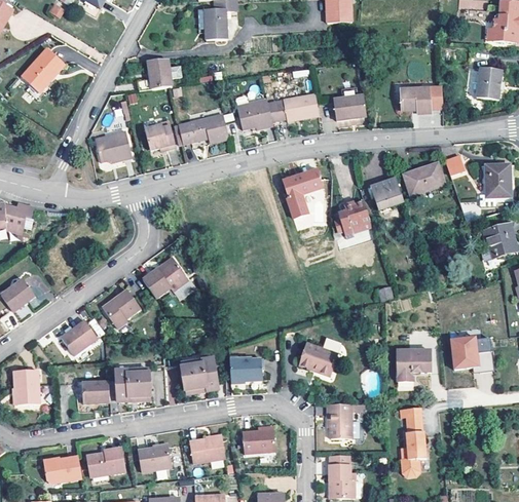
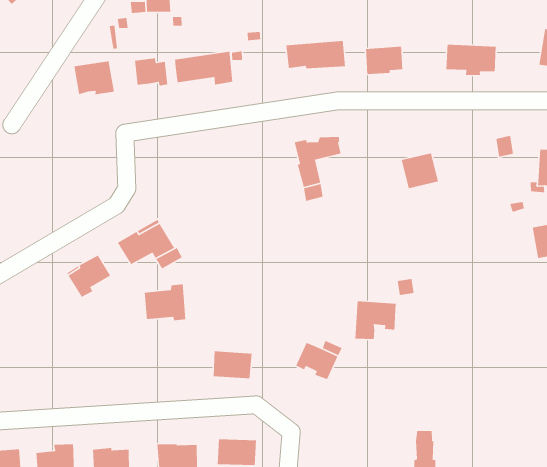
building: [236,99,272,130] -> none
building: [405,165,445,197] -> none
building: [339,203,372,240] -> none
building: [63,319,100,355] -> none
building: [450,329,492,364] -> none
building: [395,349,429,382] -> [354,301,397,340]
building: [183,358,220,391] -> [144,283,186,321]
building: [117,371,151,402] -> none
building: [83,380,111,403] -> none
building: [327,404,349,438] -> none

